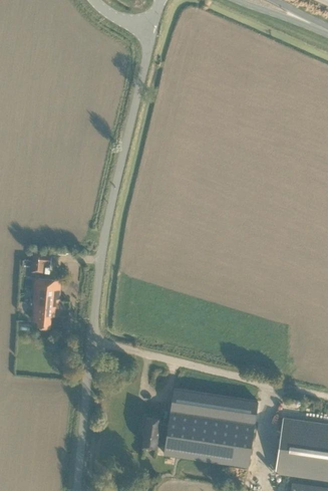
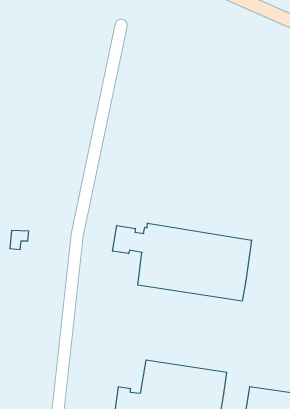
building: none -> [113,223,252,301]
building: [31,277,60,327] -> none

